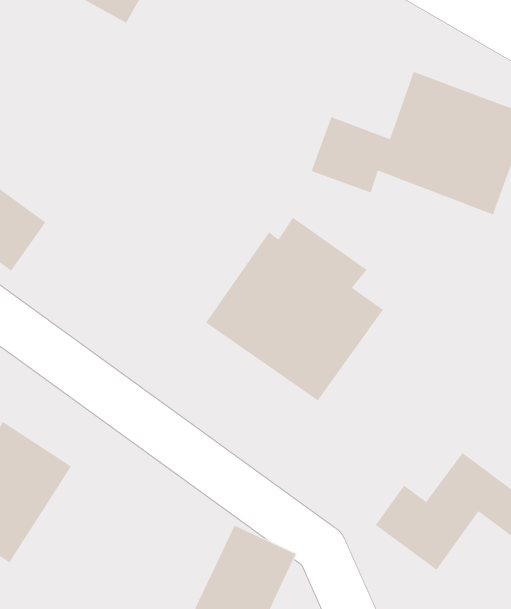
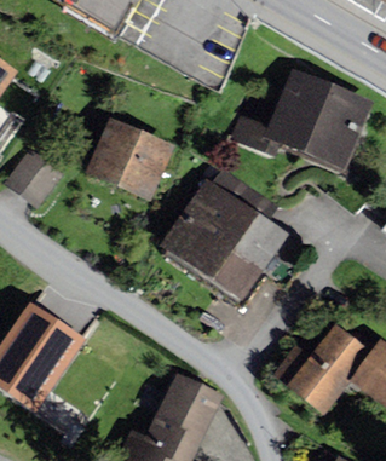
building: none -> [86,115,172,195]

